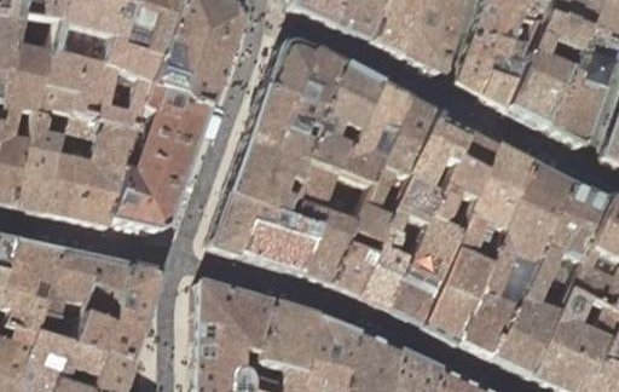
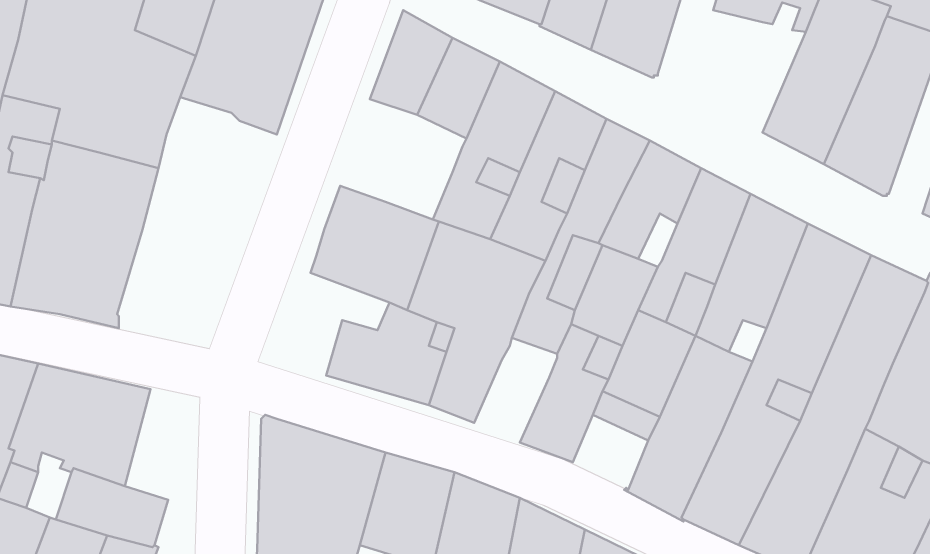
building: [459,31,534,106] -> none
building: [112,85,210,230] -> none
building: [249,86,326,160] -> none
building: [213,192,279,255] -> none
building: [331,246,377,296] -> none
building: [117,264,163,332] -> none
building: [392,279,438,325] -> none

